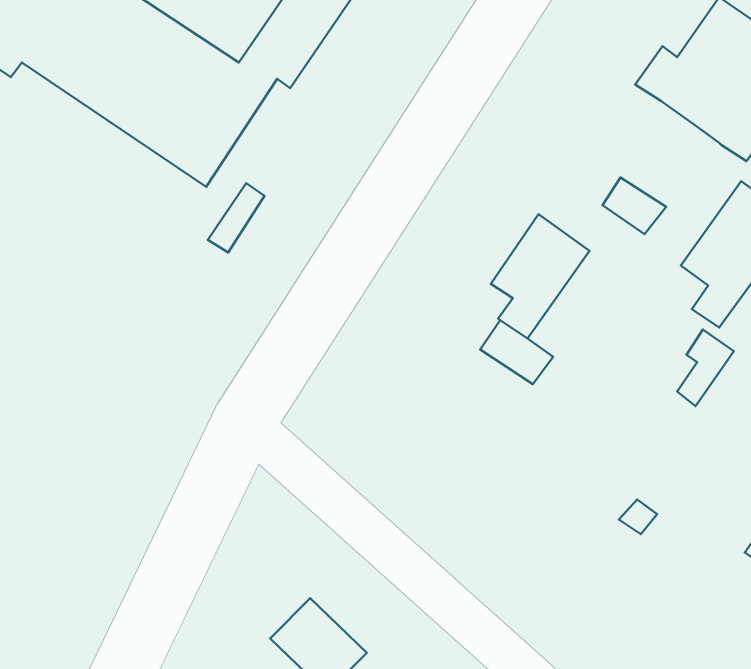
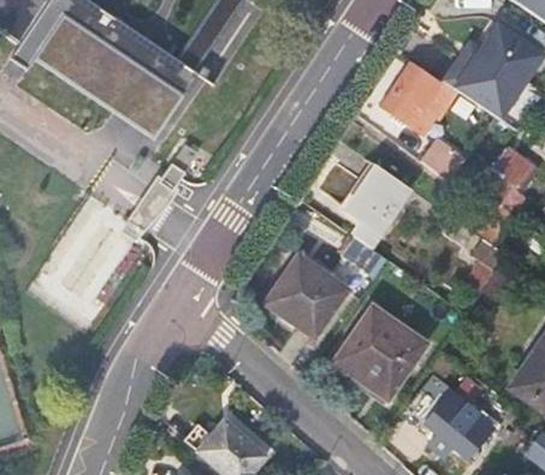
building: none -> [380,59,458,130]
building: none -> [266,254,345,334]
building: none -> [334,304,425,394]
building: none -> [403,369,493,456]

